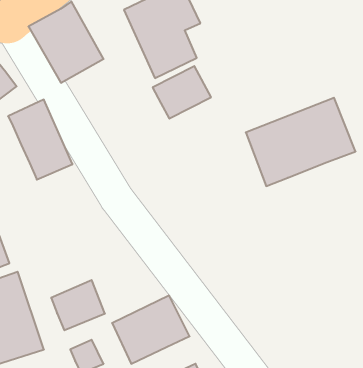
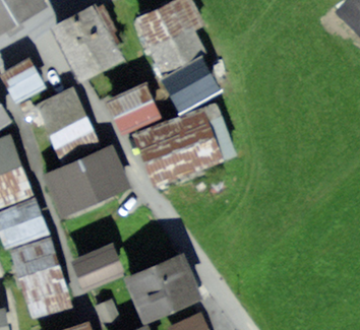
building: none -> [107,82,159,130]
building: [246,98,356,186] -> [139,106,233,181]
building: none -> [47,148,126,211]

